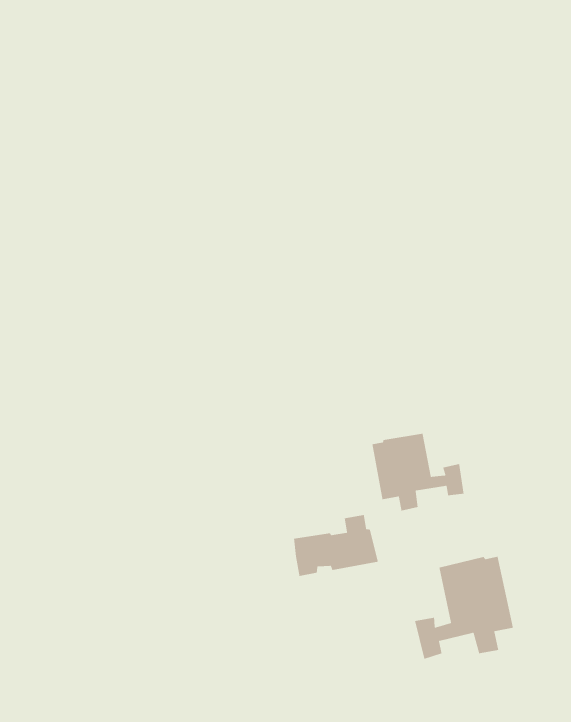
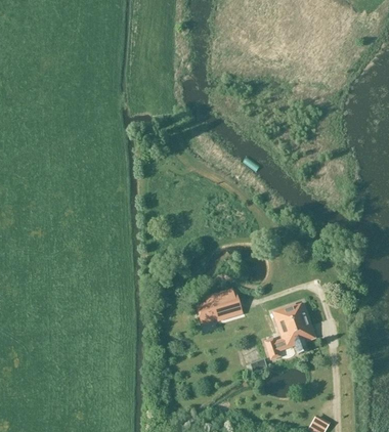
building: [371,433,465,512] -> none

